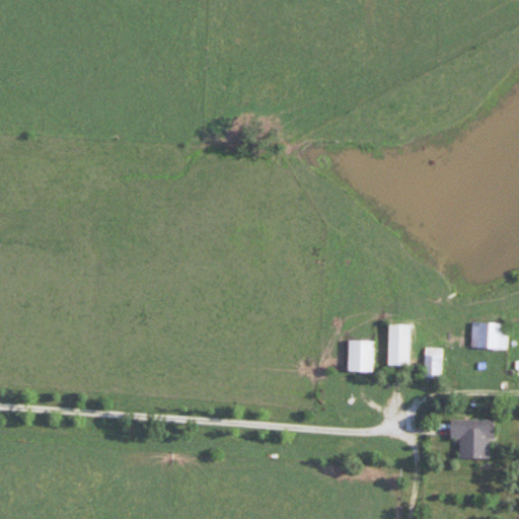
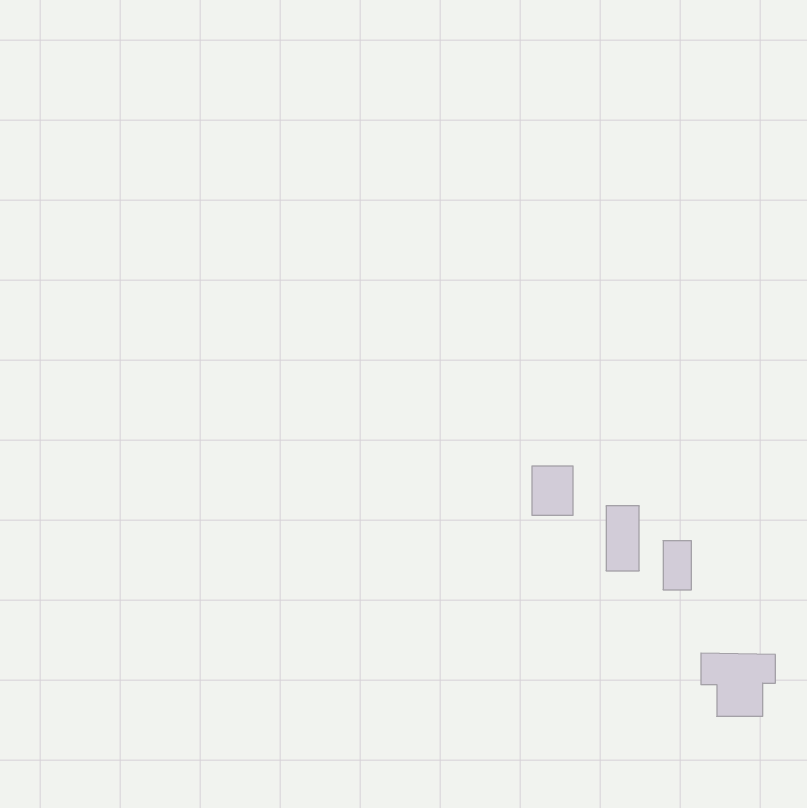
building: [472,323,508,349] -> none
building: [347,341,373,372] -> [532,466,573,515]

